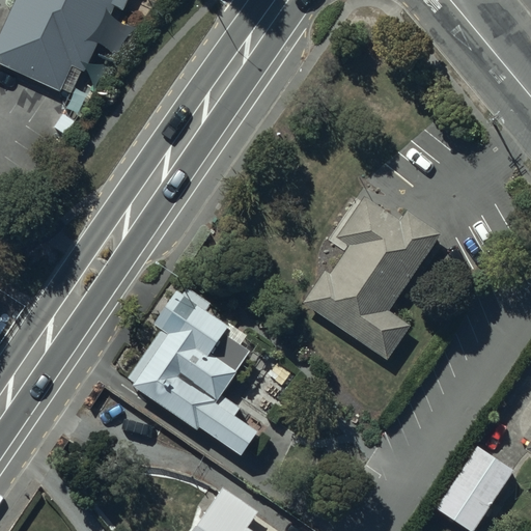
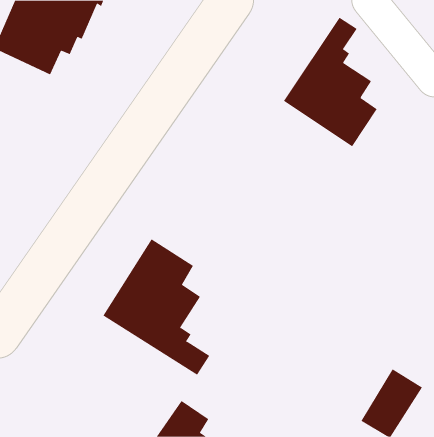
building: none -> [283,17,378,147]
building: [303,196,440,359] -> none

